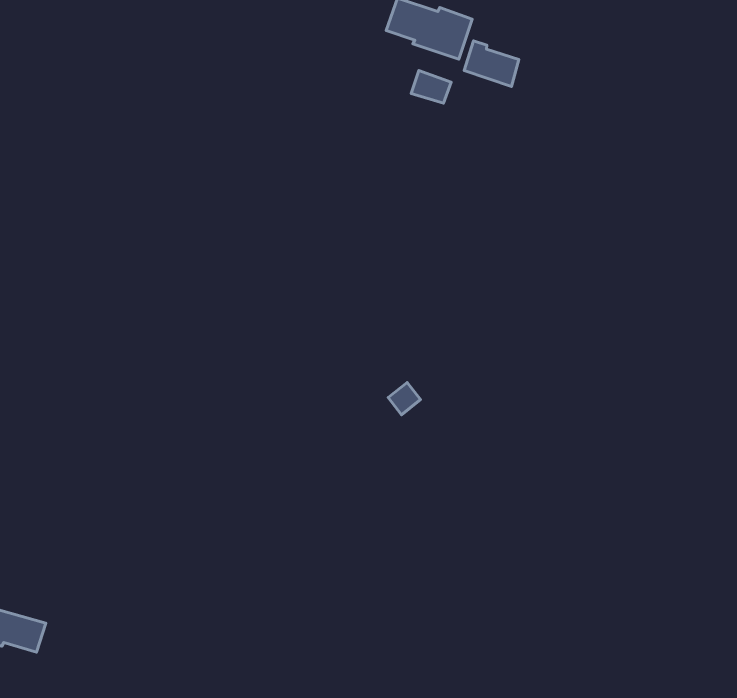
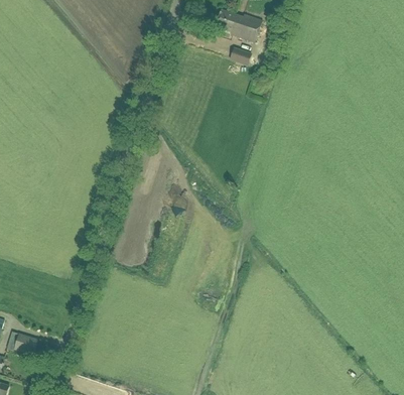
building: [464,41,519,86] -> none

